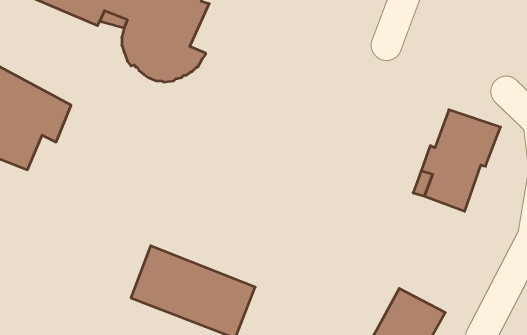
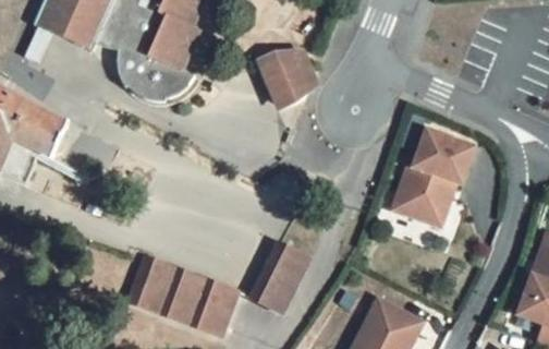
building: none -> [259,48,314,104]
building: none -> [251,240,309,315]

